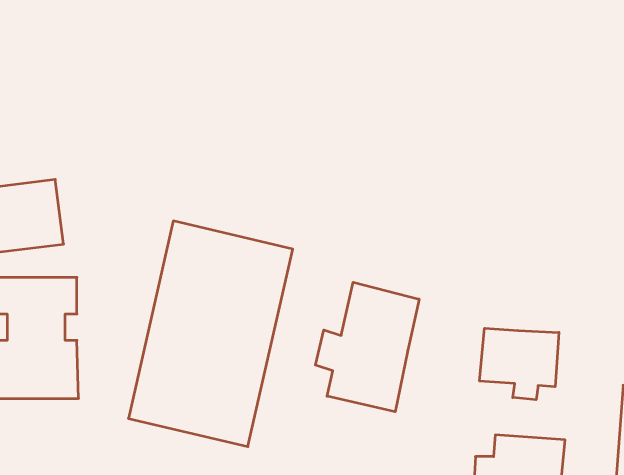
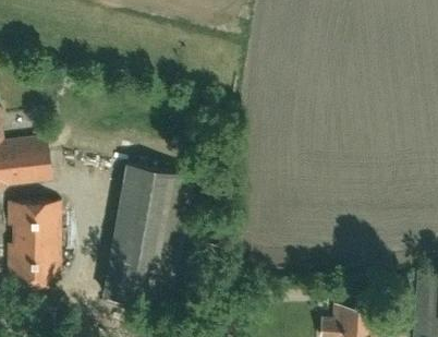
building: [315,282,419,412] -> none
building: [480,328,559,400] -> none

